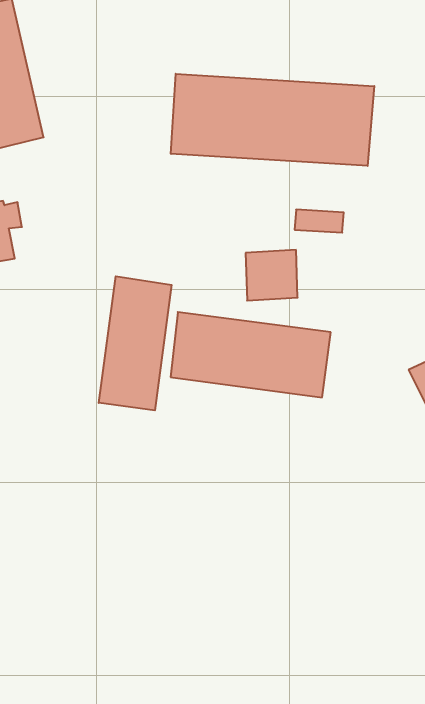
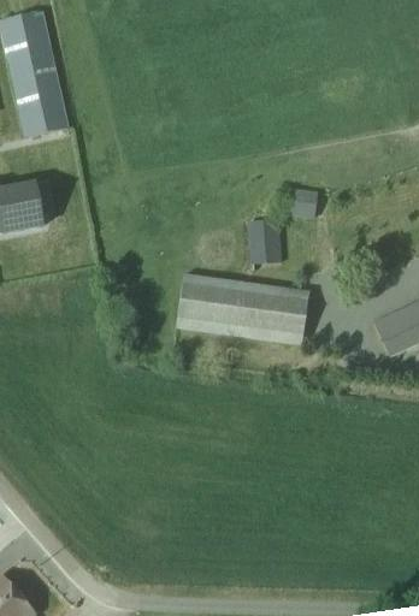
building: [171,74,374,166] -> none
building: [99,276,172,410] -> none

